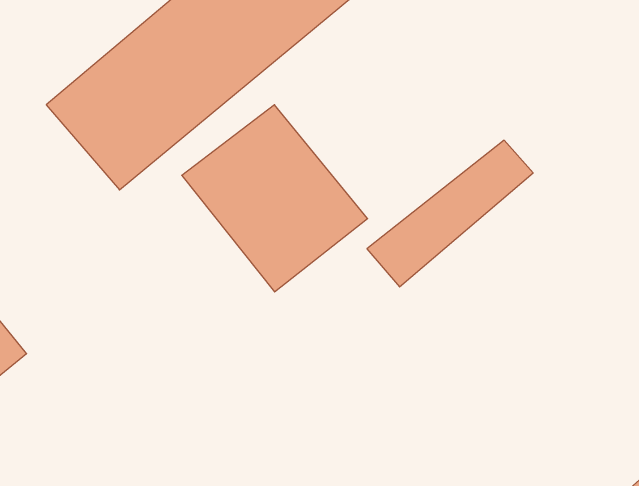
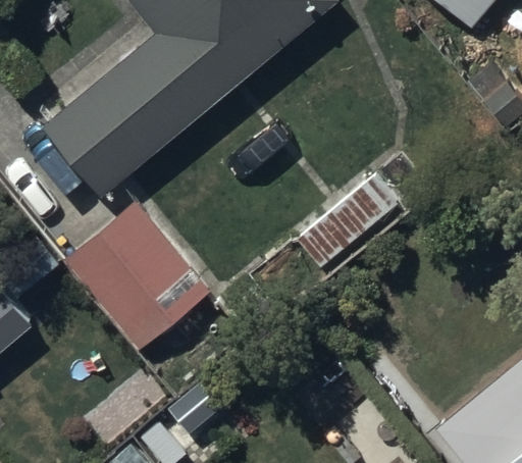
building: [182,105,368,292] -> [64,203,209,349]

